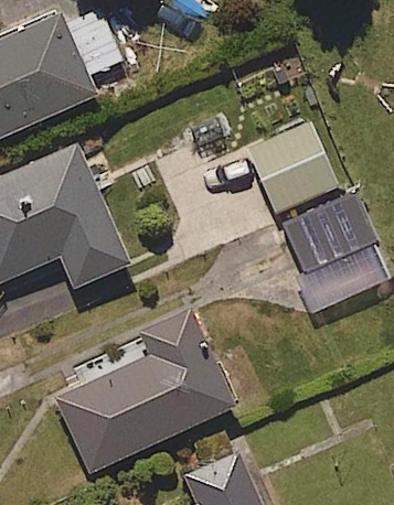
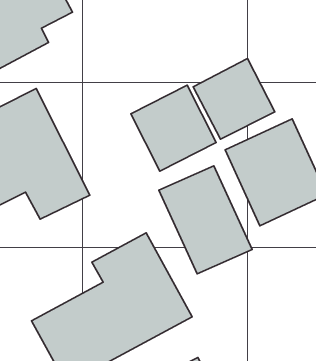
building: none -> [131,85,216,171]
building: none -> [159,166,252,274]

